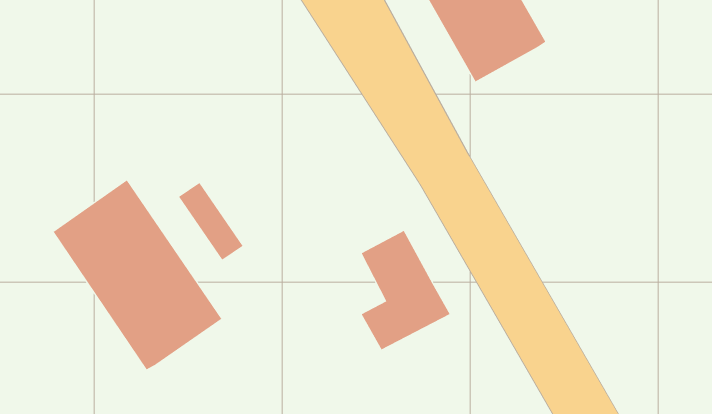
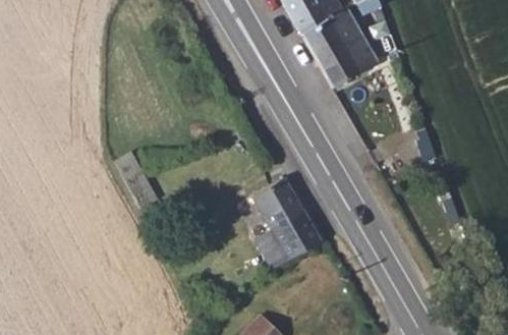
building: [53,180,222,370] -> none

